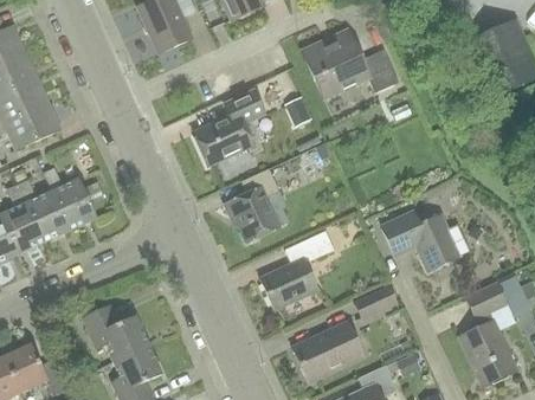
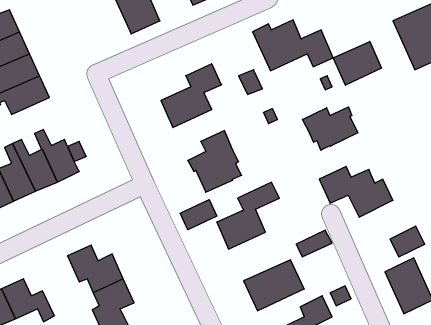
building: none -> [333,41,381,85]
building: none -> [302,107,358,150]
building: none -> [180,200,217,230]

